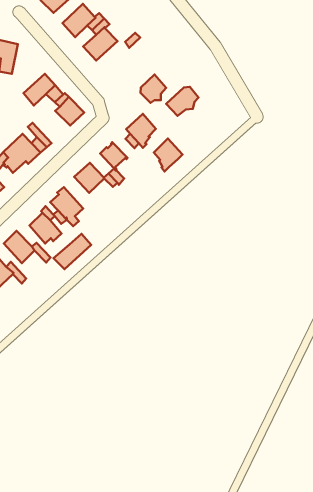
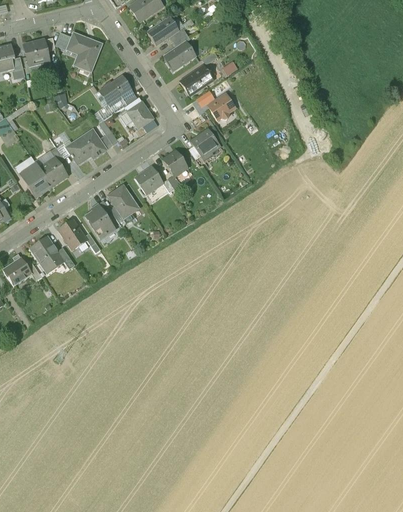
building: none -> [179,65,213,96]
building: [166,87,199,116] -> none
building: [154,139,182,171] -> none
building: [54,234,91,269] -> none

